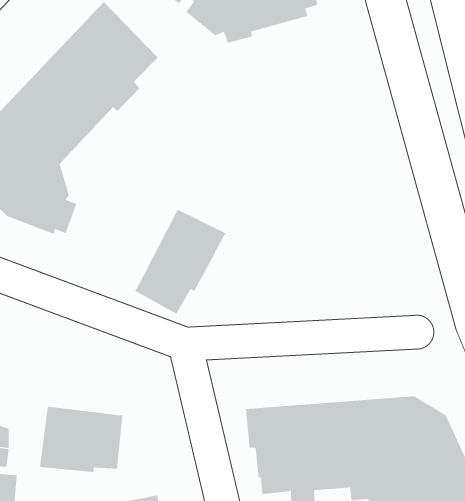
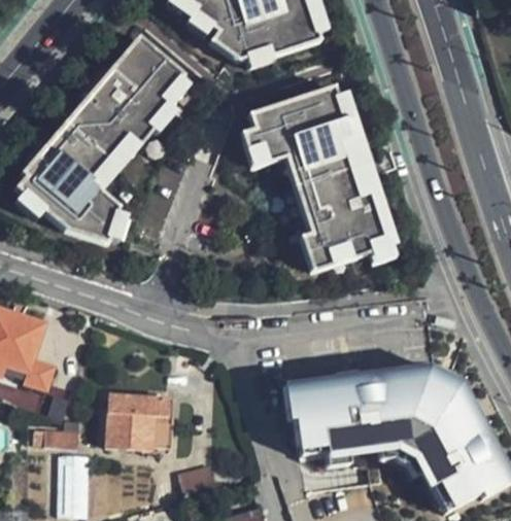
building: none -> [242,86,390,271]
building: [135,209,226,314] -> none

